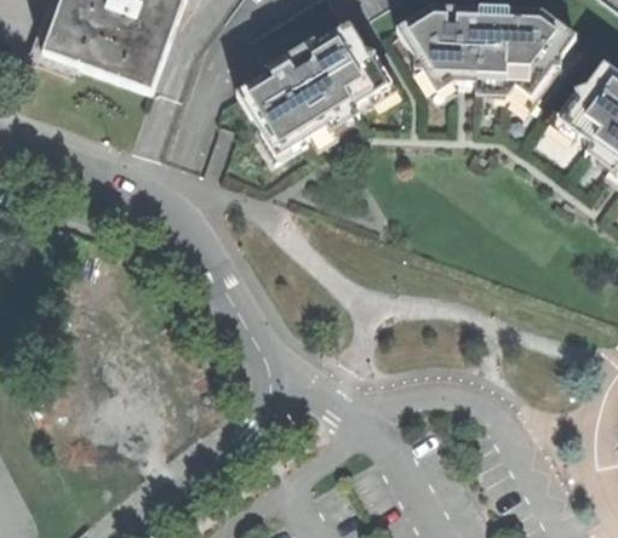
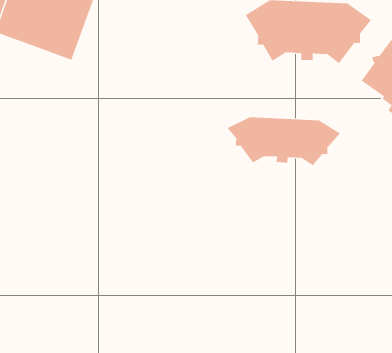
building: [239,19,389,150] -> none
building: none -> [227,117,341,166]

